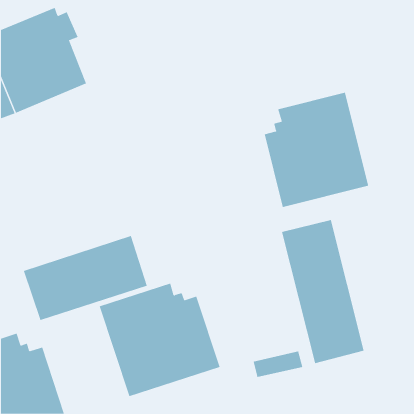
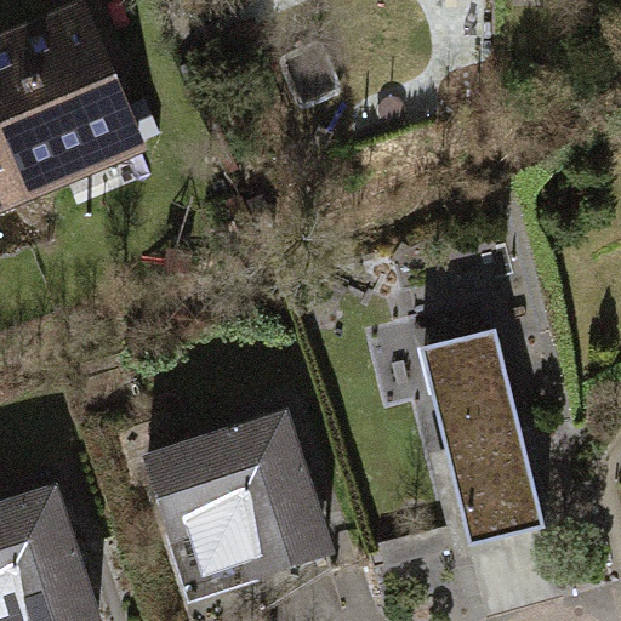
building: [264,92,369,208] -> none
building: [23,235,147,321] -> none

